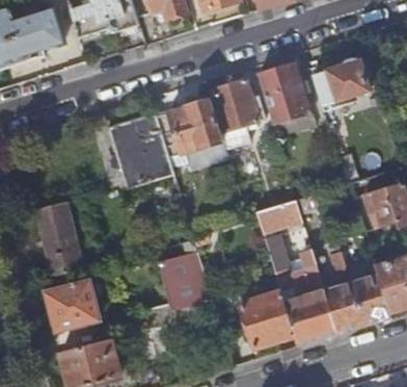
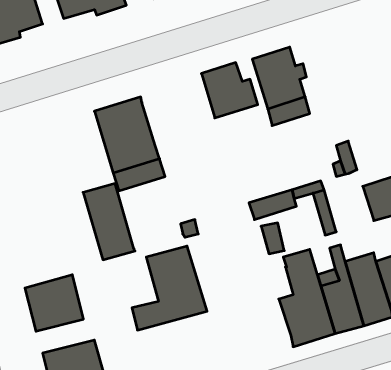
building: [310,57,377,108] -> none
building: [156,99,223,156] -> none
building: [35,203,84,275] -> [83,184,135,260]
building: [242,290,296,346] -> none

